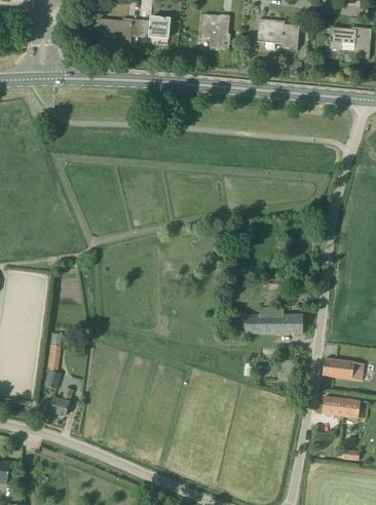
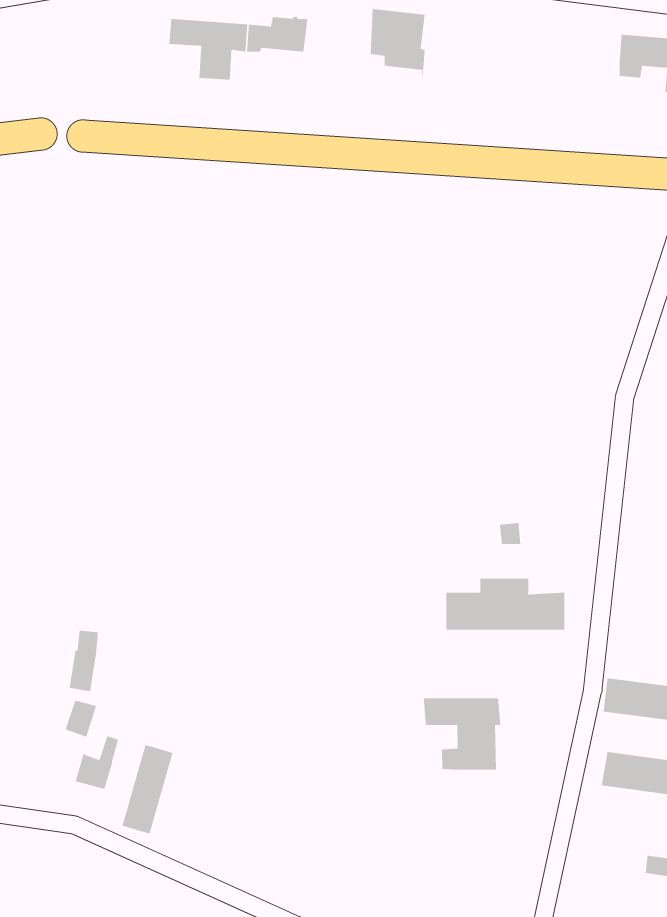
building: [257,18,299,50] -> none
building: none -> [423,698,501,771]
building: none -> [122,744,173,834]

